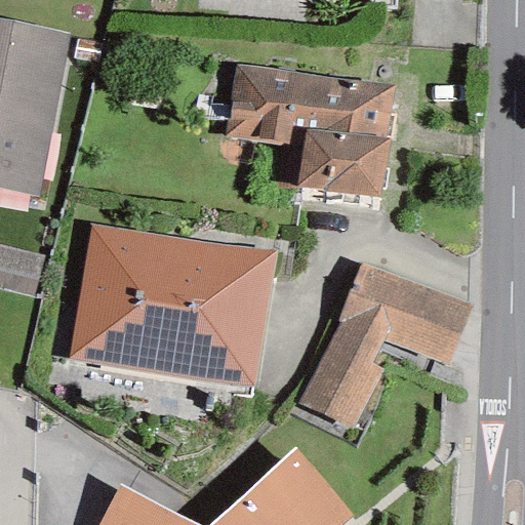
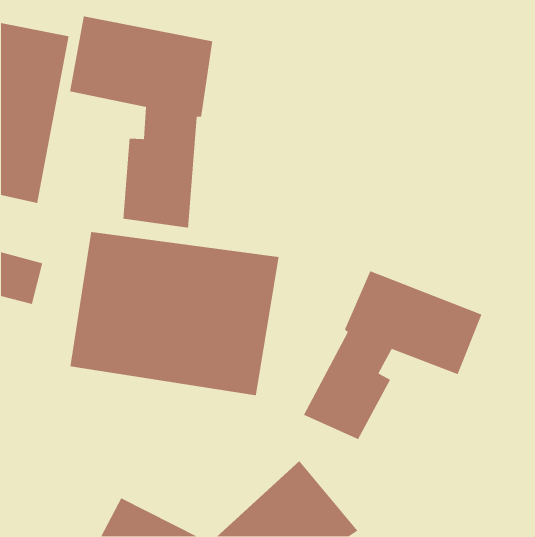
building: none -> [69,15,213,228]
building: [228,66,395,198] -> none

